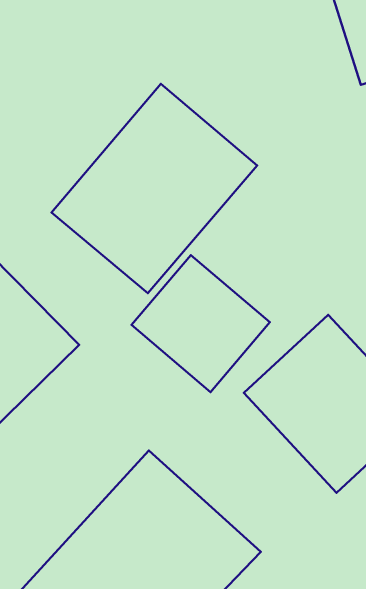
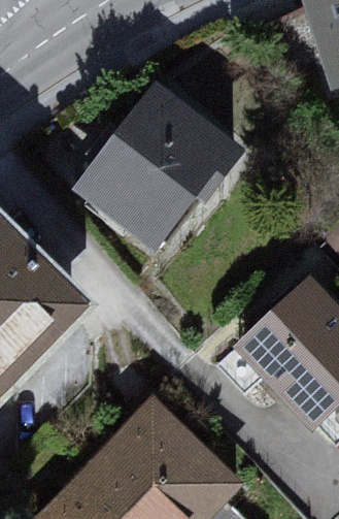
building: [131,255,270,392] -> none

